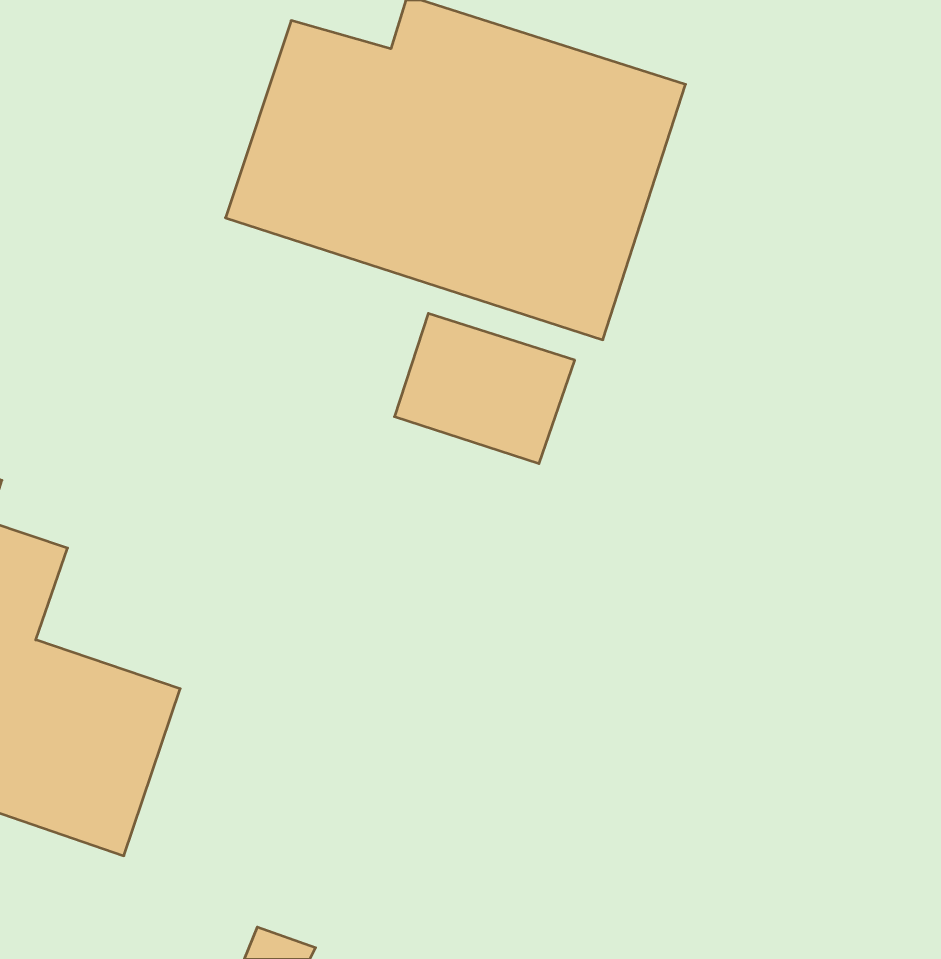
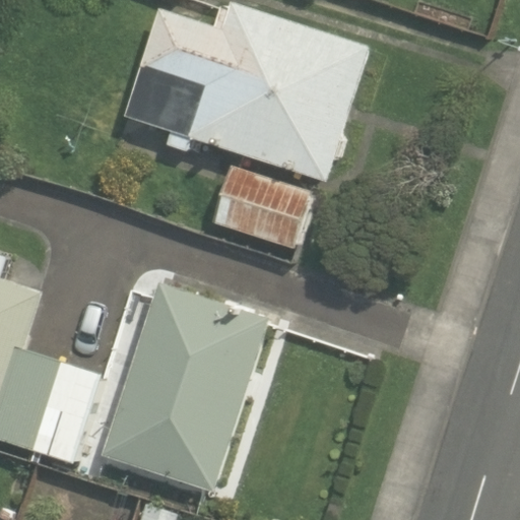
building: none -> [102,286,267,492]

